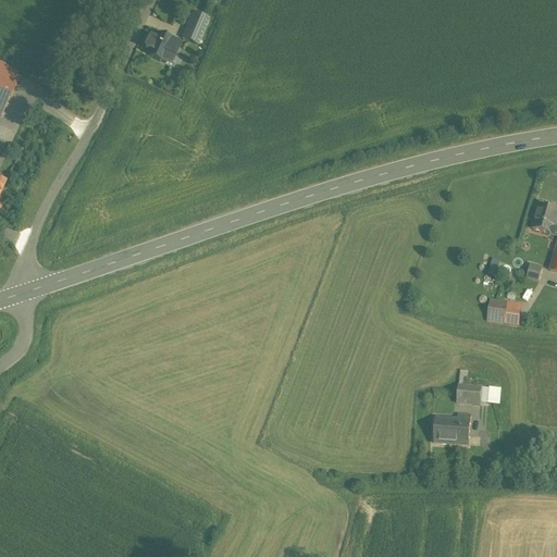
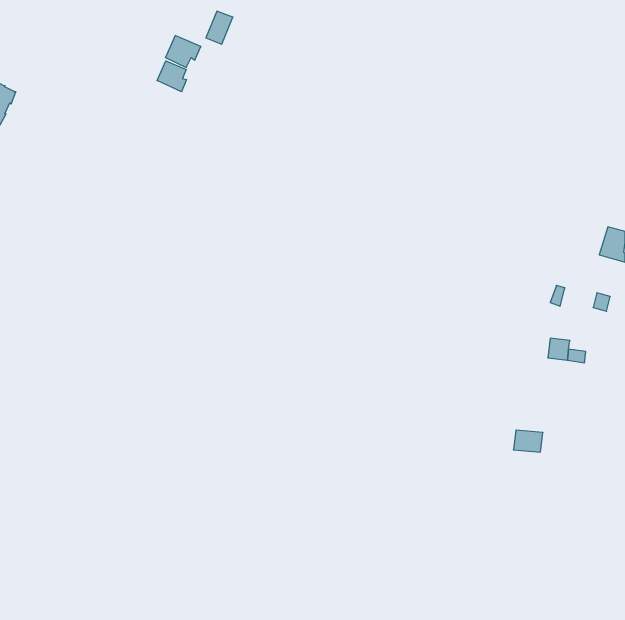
building: none -> [157,61,187,92]
building: [433,410,470,441] -> none

